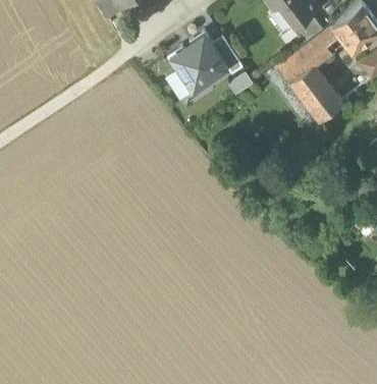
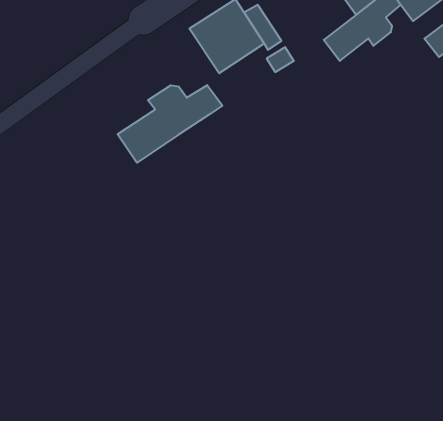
building: [290,65,342,121] -> none
building: none -> [118,85,222,163]

